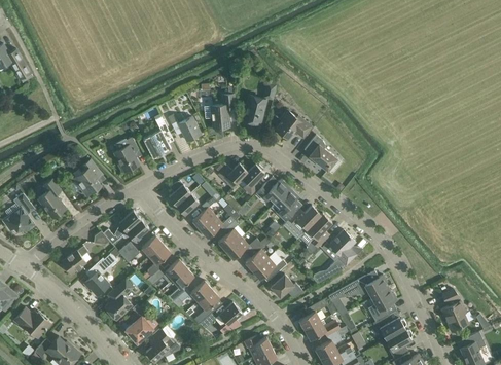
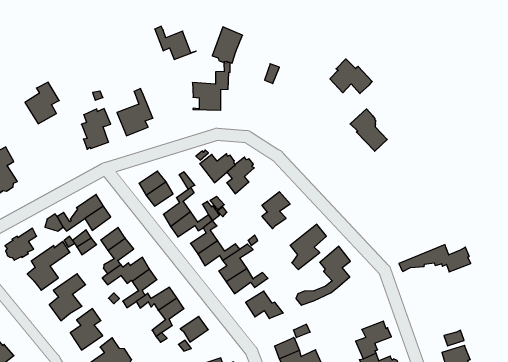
building: [243,95,266,124] -> [212,27,243,63]
building: [276,110,312,139] -> [330,59,372,94]
building: [168,114,205,141] -> [155,26,196,59]
building: [303,135,336,170] -> [350,109,387,151]
building: [73,159,102,195] -> [25,82,59,124]
building: [256,180,288,203] -> none
building: [288,205,323,233] -> none
building: [328,275,389,301] -> [399,245,471,272]

